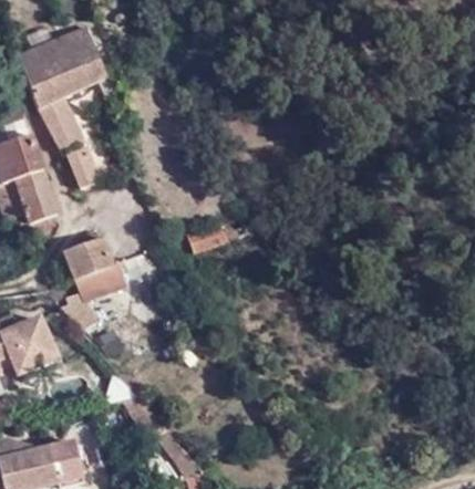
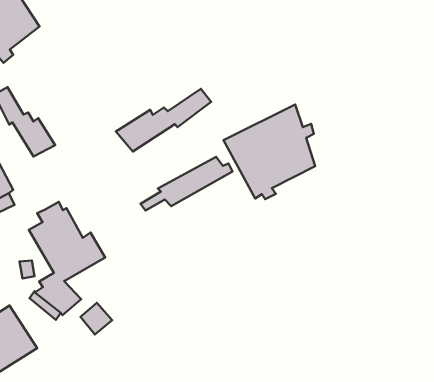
building: none -> [116,89,211,152]
building: none -> [224,105,315,199]

